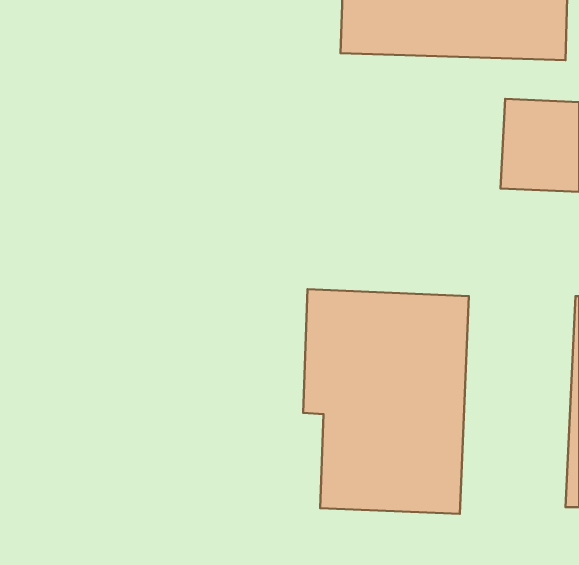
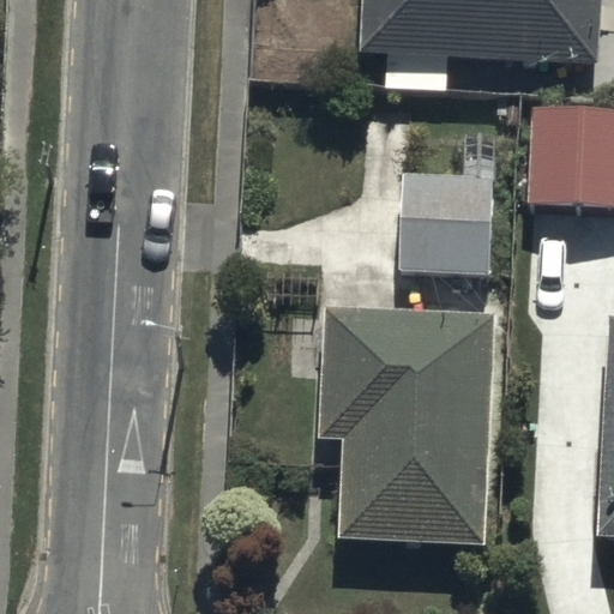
building: none -> [399,175,489,272]

